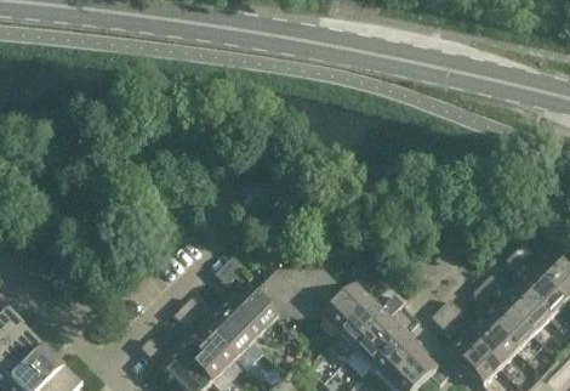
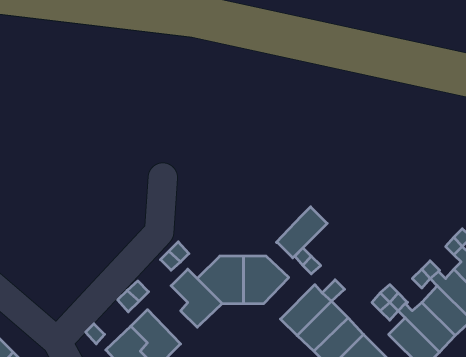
building: [321,282,374,334] -> [276,207,327,258]
building: [203,300,253,359] -> none

